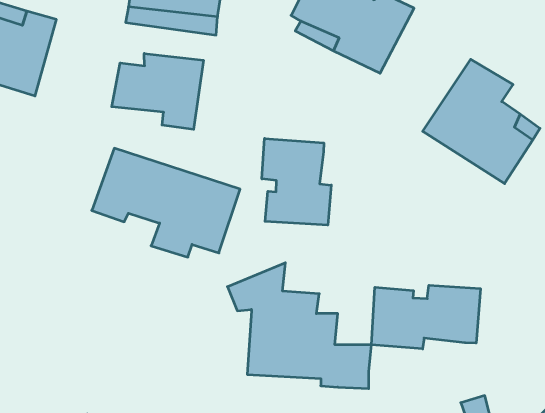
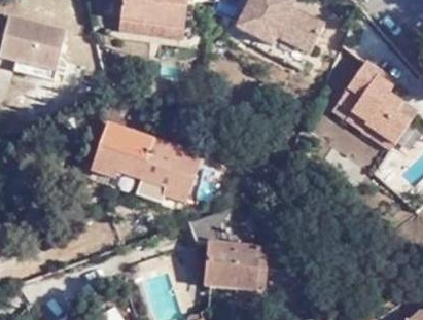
building: [112,53,203,129] -> none
building: [262,138,331,225] -> none
building: [372,285,480,349] -> none

